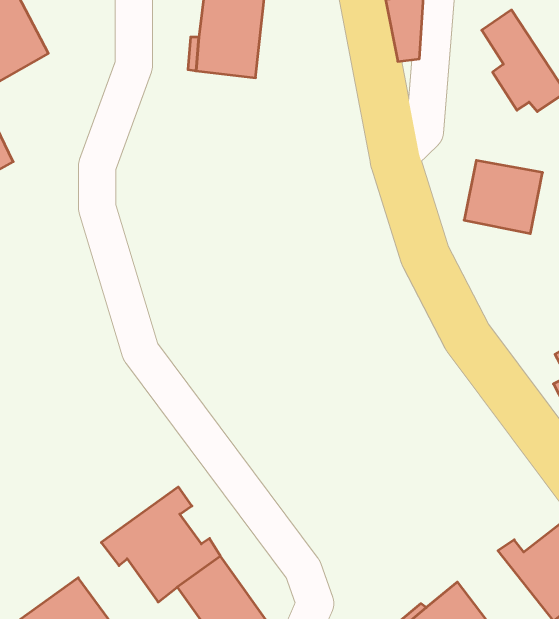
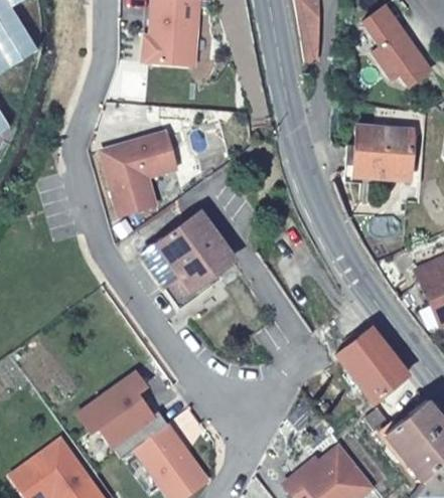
building: none -> [102,131,177,214]
building: none -> [153,219,229,295]
building: none -> [327,305,407,401]

